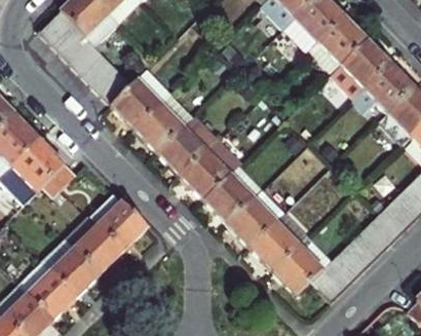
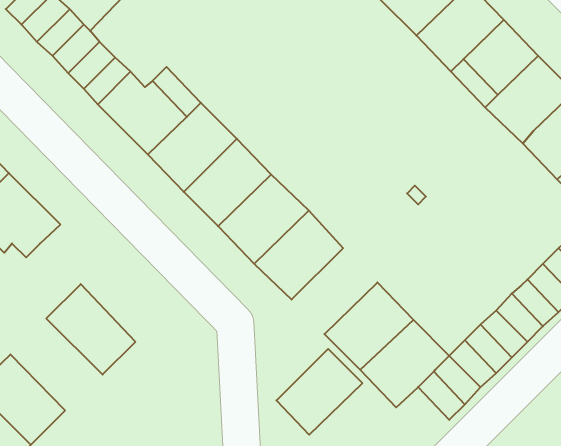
building: [89,189,150,251] -> none
building: [228,189,284,246] -> [276,349,362,435]
building: [43,235,104,296] -> none

